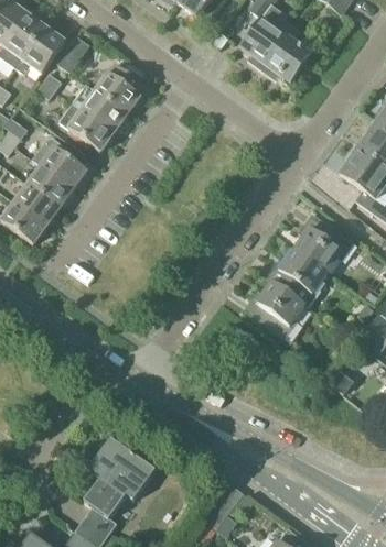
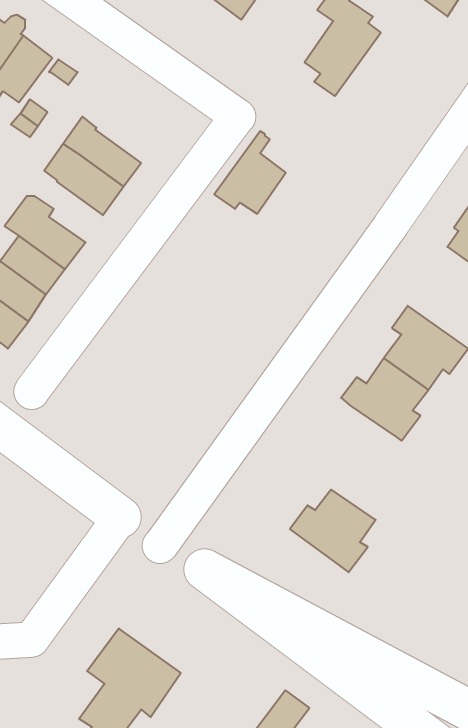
building: [260,25,310,83] -> [214,131,286,214]
building: [94,63,142,116] -> none
building: [243,284,302,341] -> [290,490,376,572]

